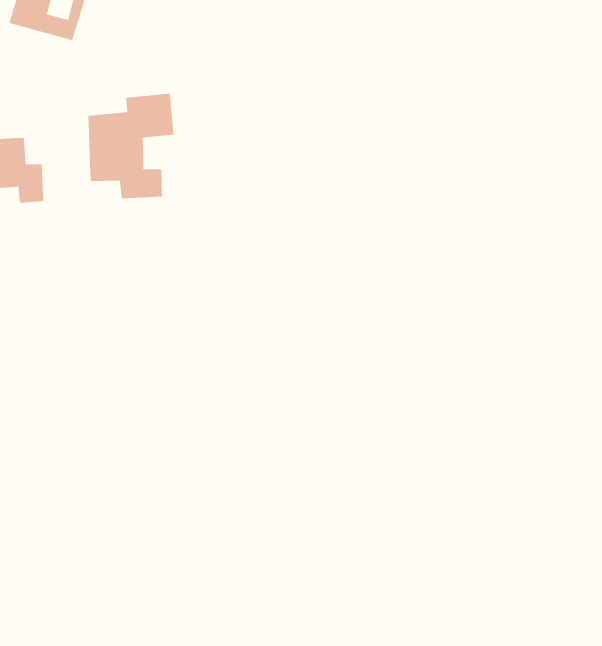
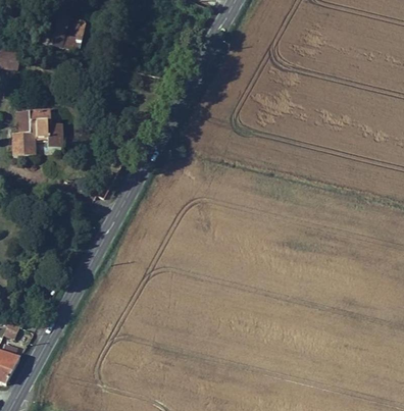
building: [88,93,174,199] -> none

